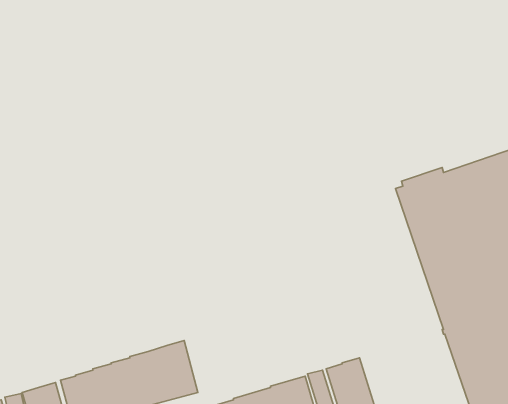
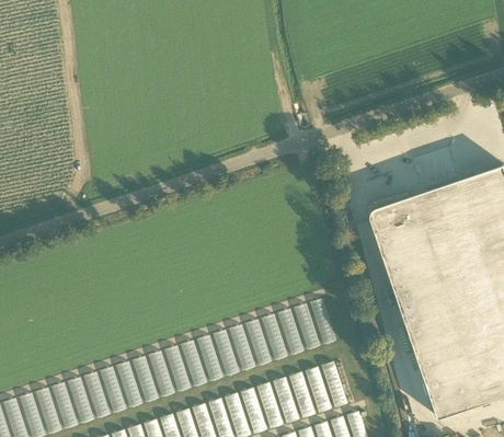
building: none -> [180,298,336,386]

